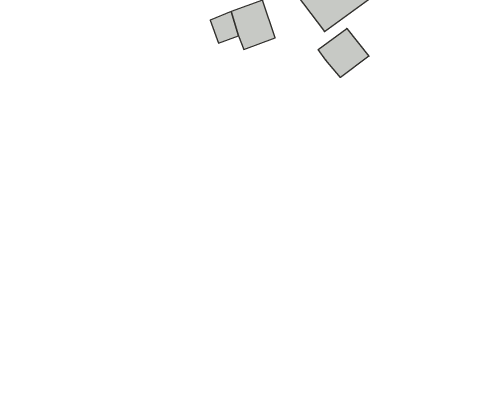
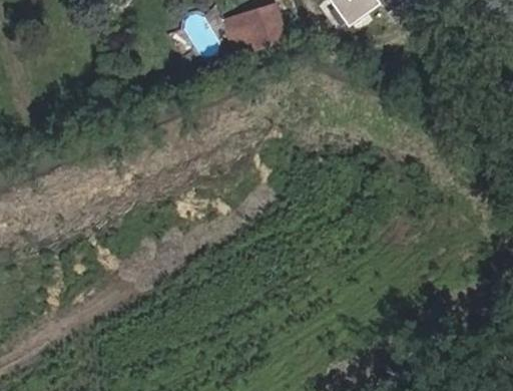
building: [318,28,369,77] -> none

